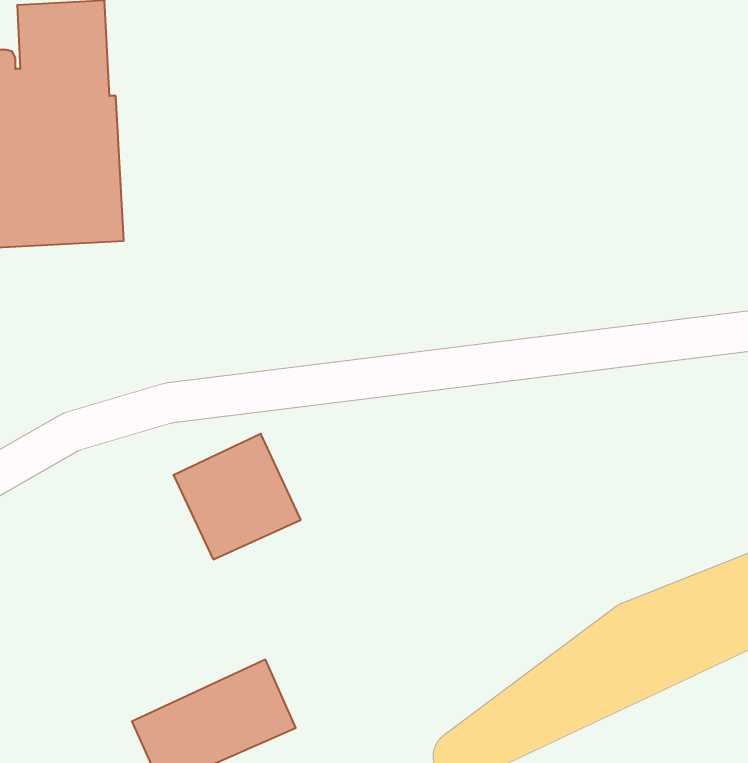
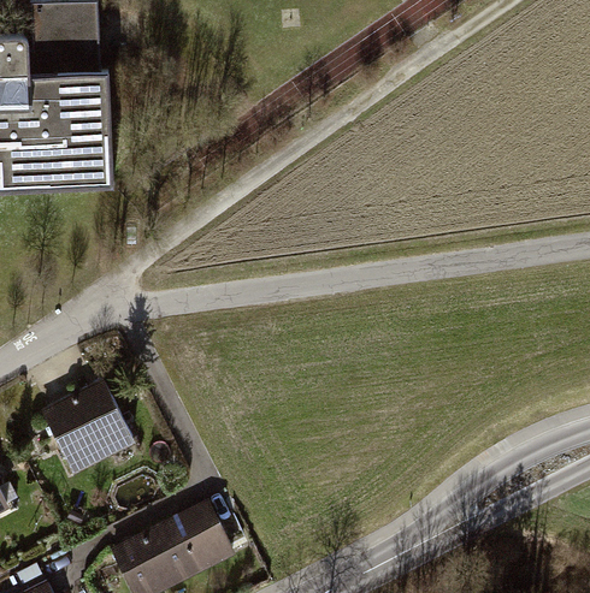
building: [173,434,301,559] -> [39,378,135,473]

